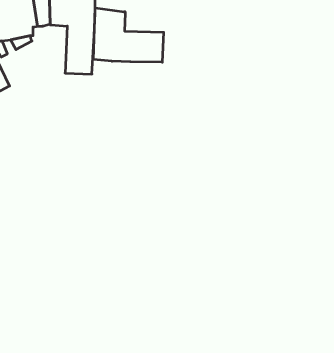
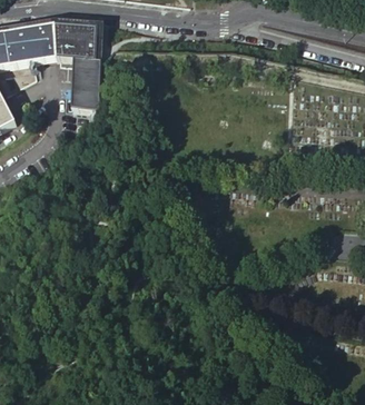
building: [93,8,164,62] -> none

